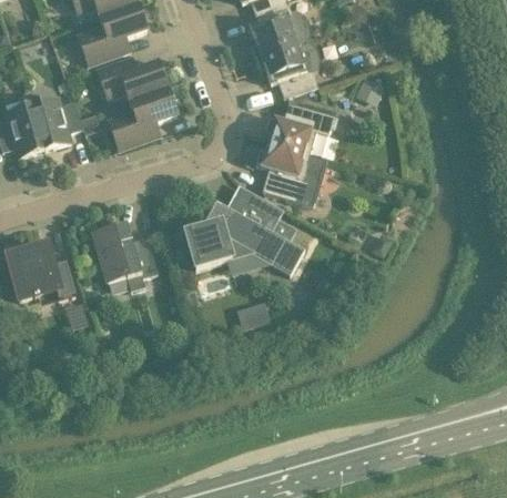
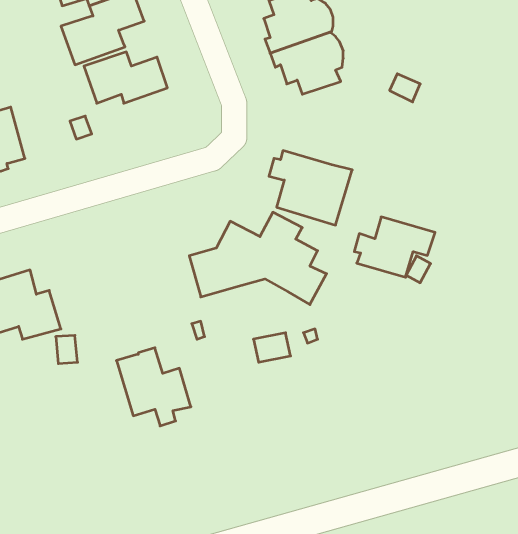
building: [115,88,176,148] -> none
building: [31,96,82,149] -> none
building: [264,102,334,154] -> [354,217,435,277]
building: [93,222,158,289] -> [116,348,191,426]

